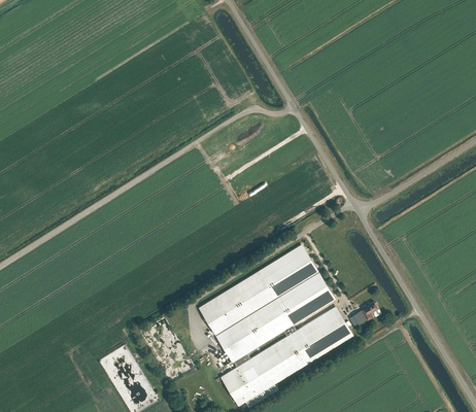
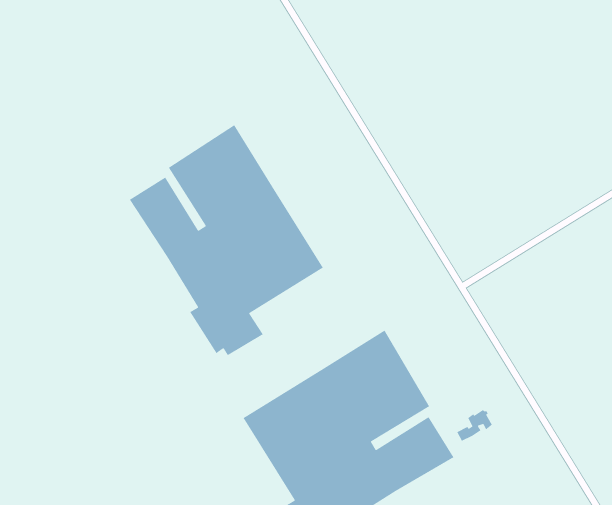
building: none -> [129,124,324,356]

